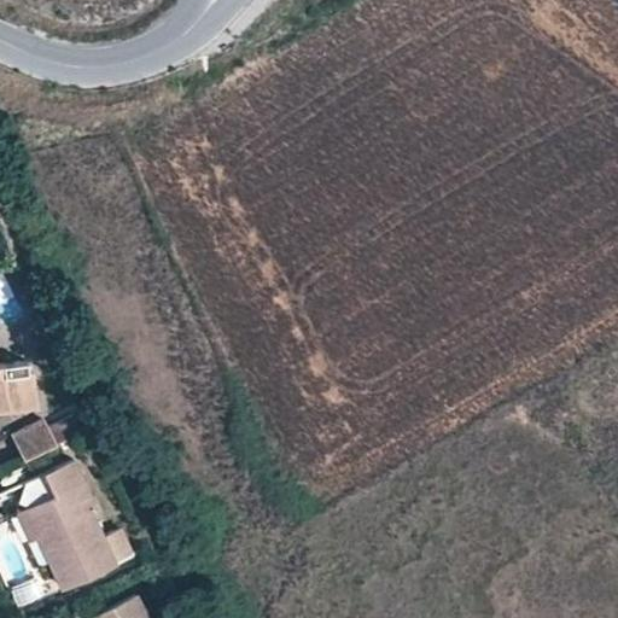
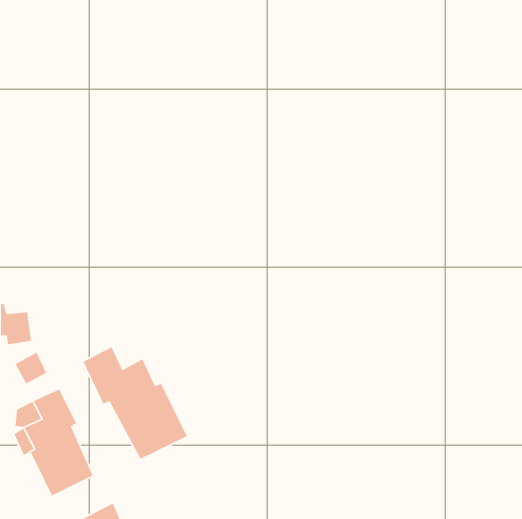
building: none -> [82,346,188,460]

